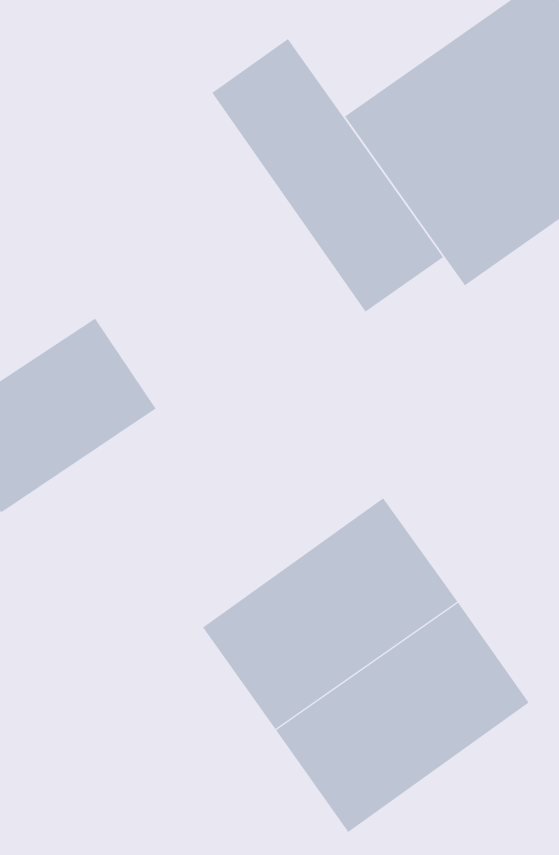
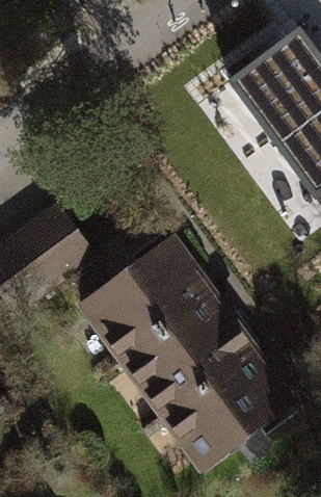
building: [212,38,444,313] -> none
building: none -> [84,240,219,364]

